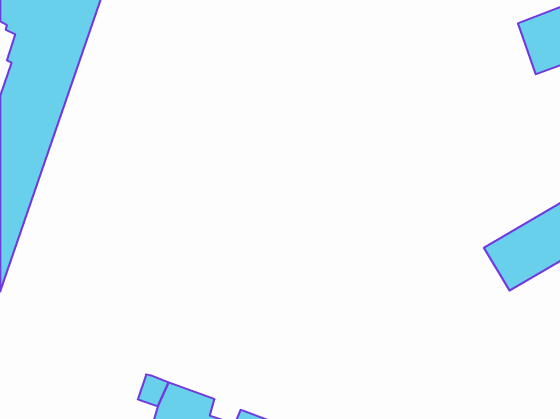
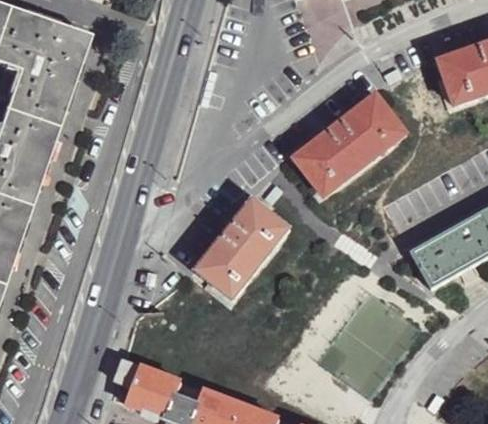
building: none -> [295,91,407,193]
building: none -> [199,196,292,297]

